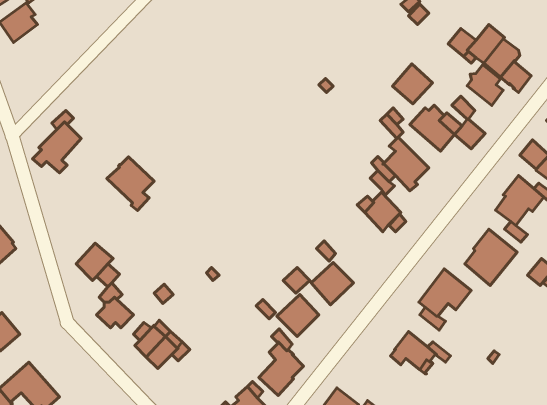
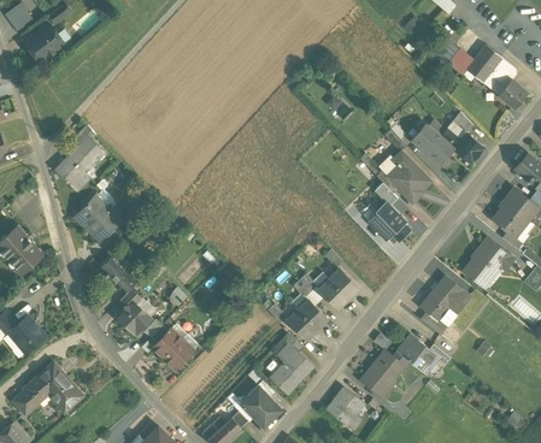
building: [392,64,432,104] -> none
building: [467,64,503,106] -> none
building: [107,157,154,211] -> [75,196,119,247]
building: none -> [360,352,402,398]

